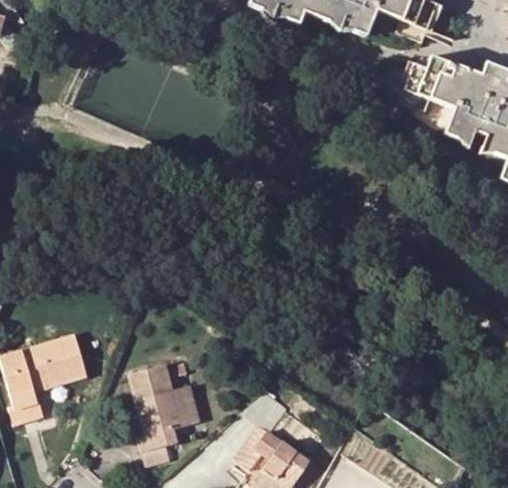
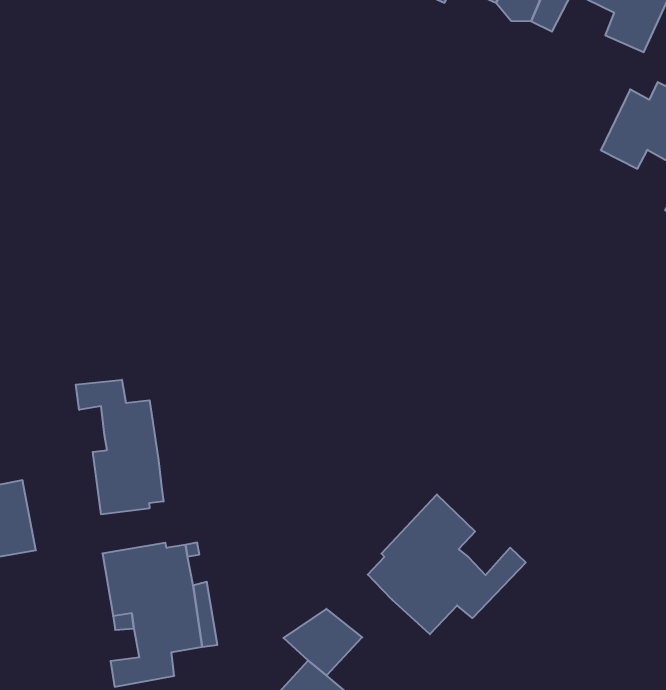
building: none -> [76,380,163,514]
building: none -> [368,494,526,634]

